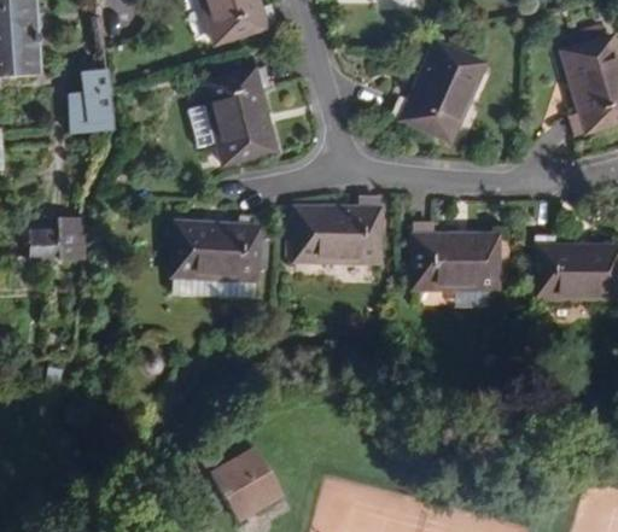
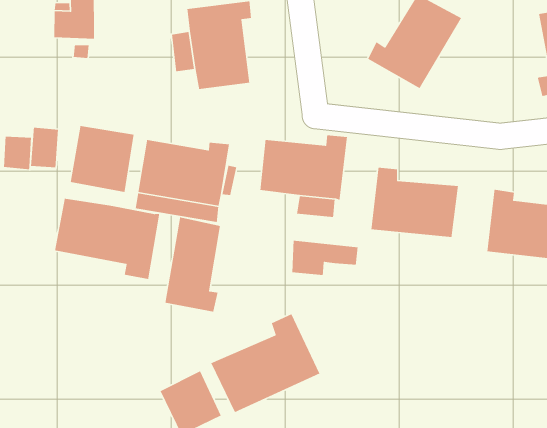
building: none -> [70,125,135,193]
building: none -> [54,198,160,280]
building: none -> [165,216,221,313]
building: none -> [292,240,358,276]
building: none -> [210,313,321,413]

